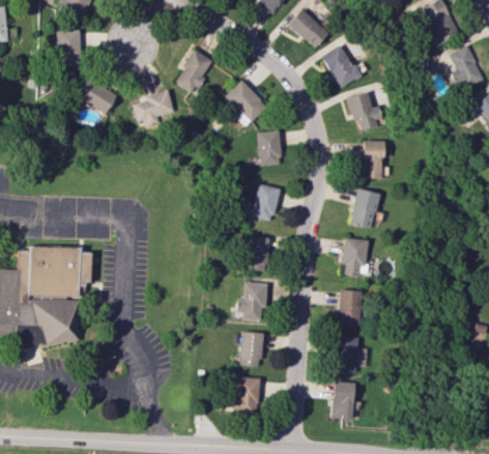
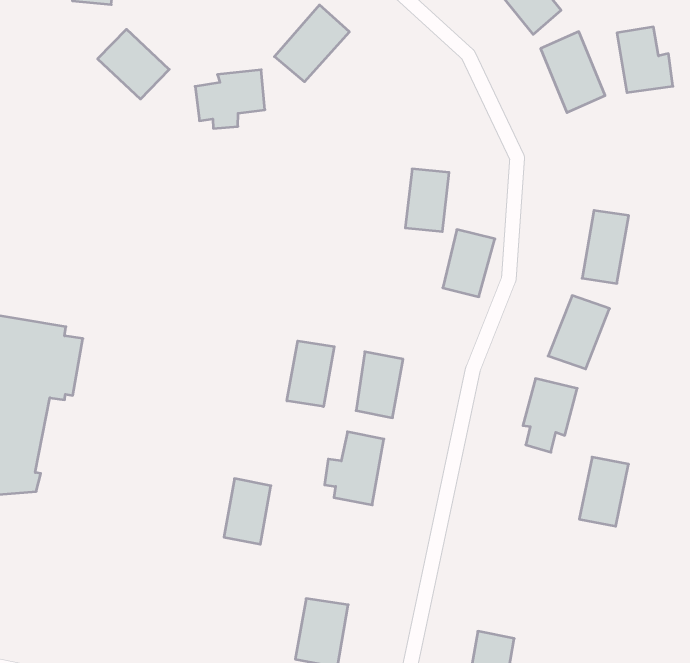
building: [226,81,267,127] -> none
building: [347,92,382,130] -> [617,27,673,93]
building: [254,185,279,220] -> [443,230,495,297]
building: none -> [287,341,334,407]
building: [339,290,362,326] -> [579,457,629,526]
building: [240,332,262,366] -> [224,479,271,544]
building: [335,337,357,372] -> none

